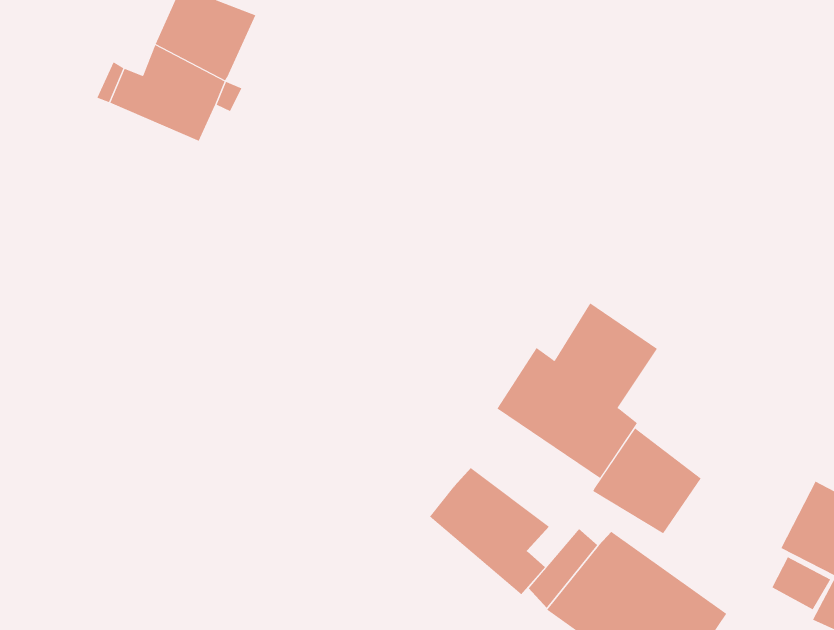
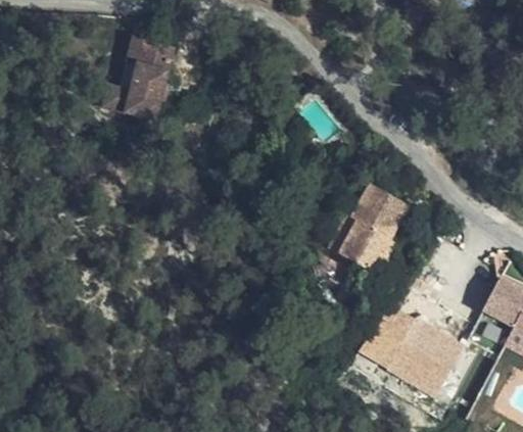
building: [593,428,702,534] -> none
building: [429,467,550,595] -> none

